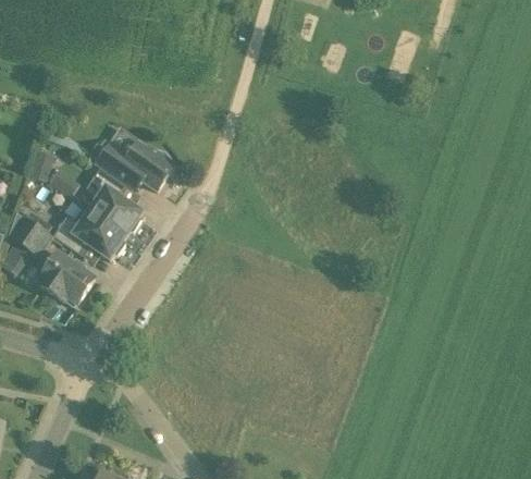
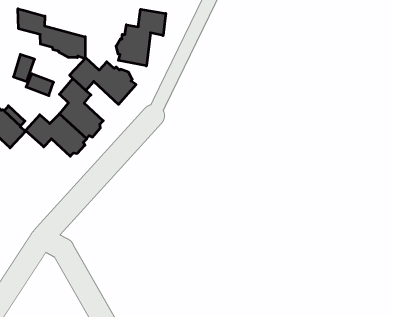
building: none -> [116,9,166,66]
building: none -> [18,9,85,59]
building: [38,251,94,304] -> none

